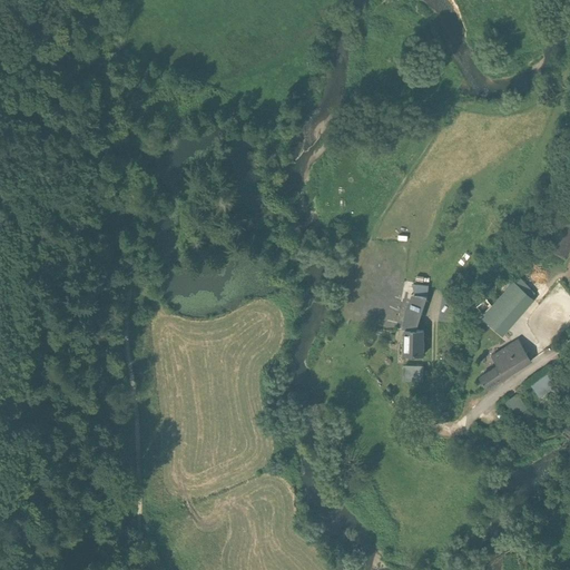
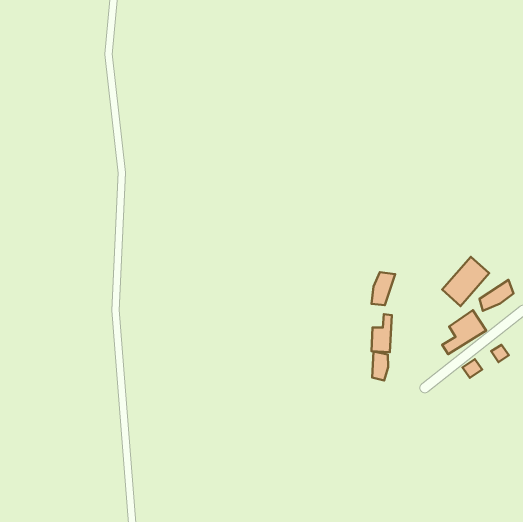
building: none -> [479,280,514,311]
building: none -> [372,352,388,381]

